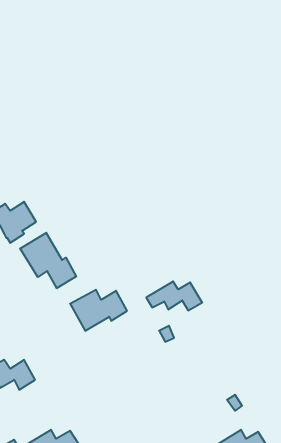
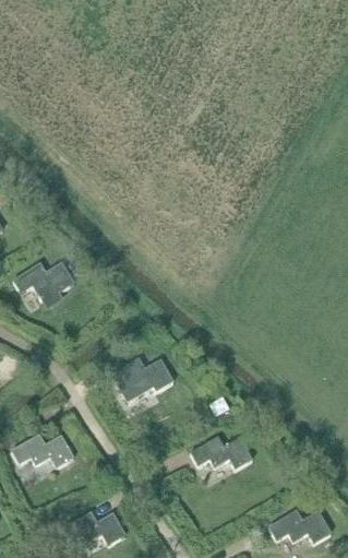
building: [20,233,76,288] -> none
building: [146,281,202,310] -> [190,437,251,468]

